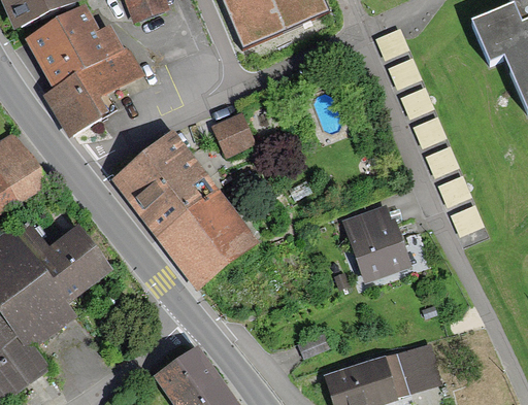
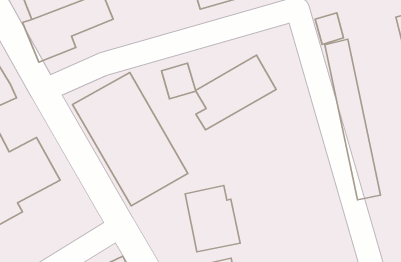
building: none -> [196,55,276,130]
building: [340,204,412,285] -> [185,186,240,252]

